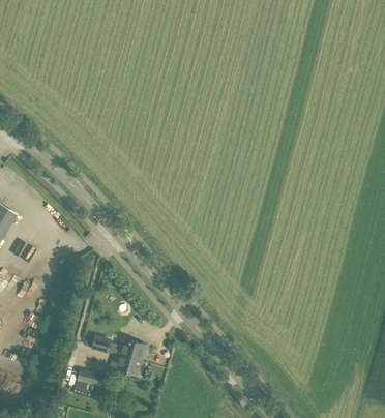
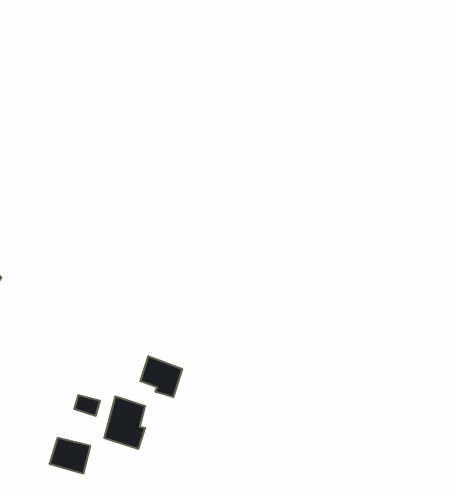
building: none -> [140,356,182,397]

